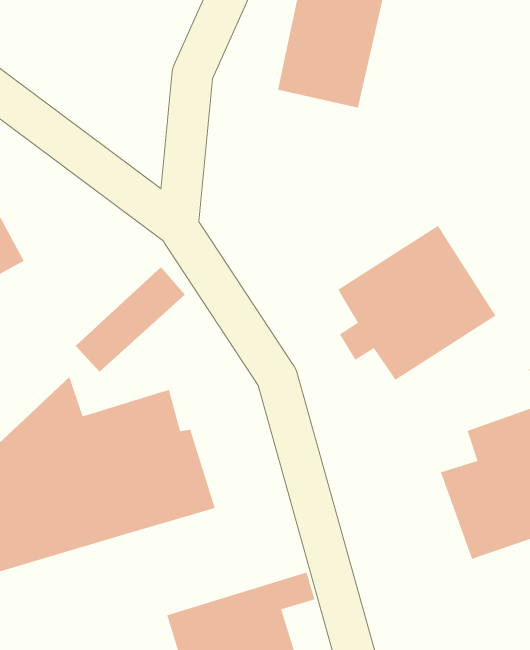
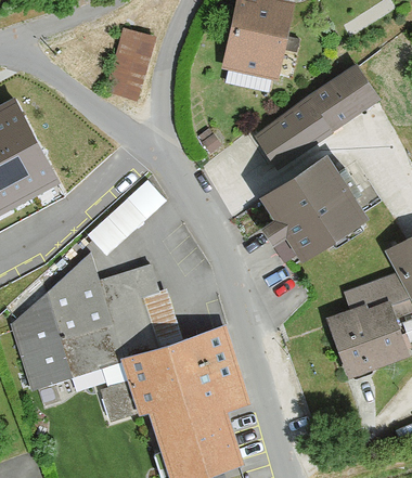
building: none -> [105,29,152,99]
building: none -> [255,65,379,168]
building: none -> [99,327,242,423]

